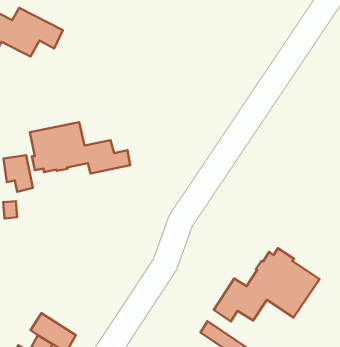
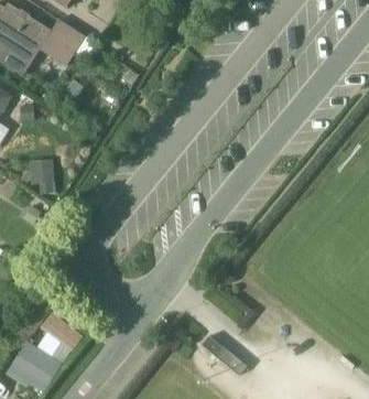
building: [30,122,130,174] -> none
building: [214,248,319,321] -> none

